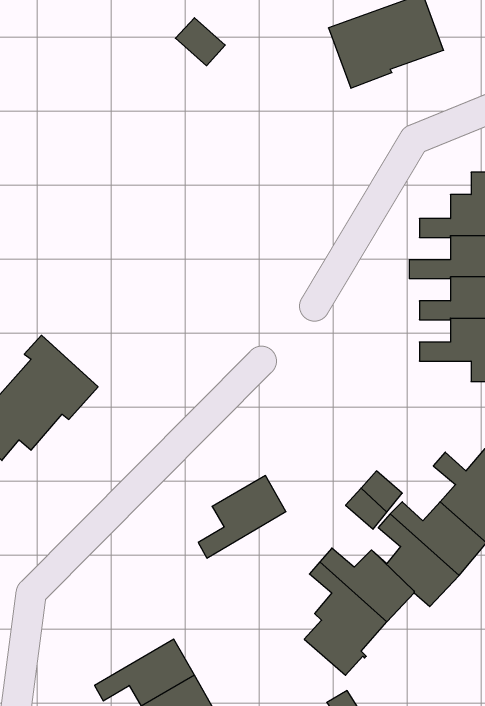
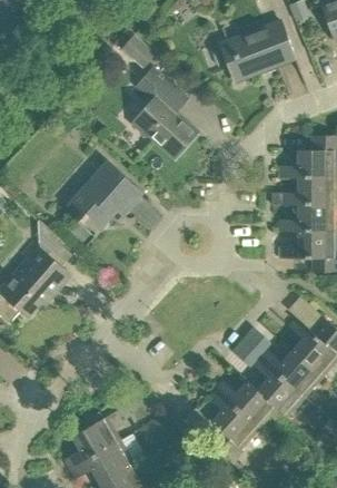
building: none -> [132,67,198,157]
building: none -> [67,159,143,235]
building: [198,476,286,558] -> [63,414,120,468]

